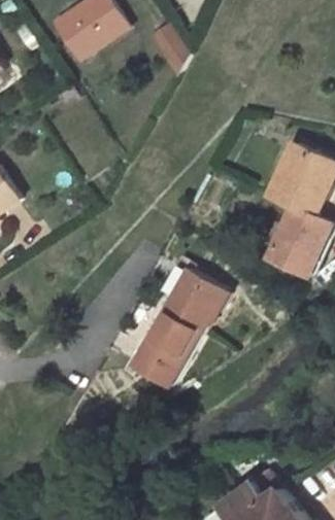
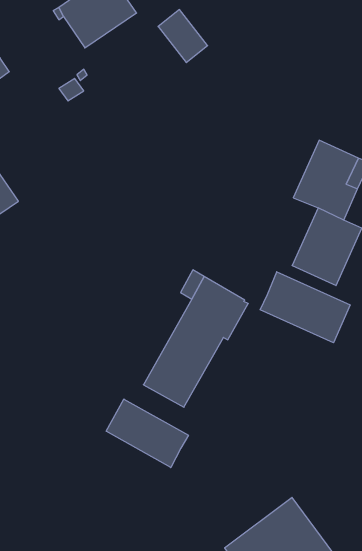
building: none -> [260,272,350,343]
building: none -> [106,399,188,468]

